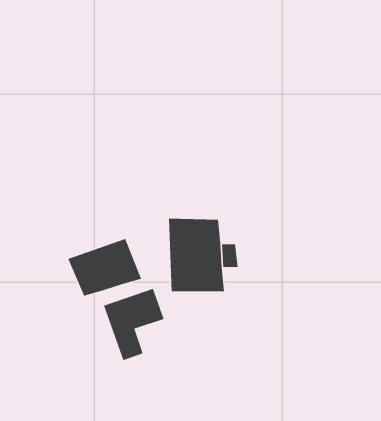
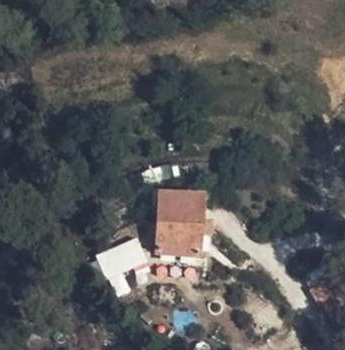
building: [68,238,142,297] -> none

